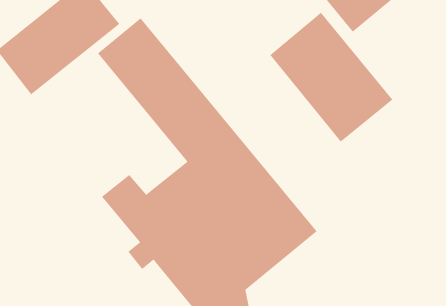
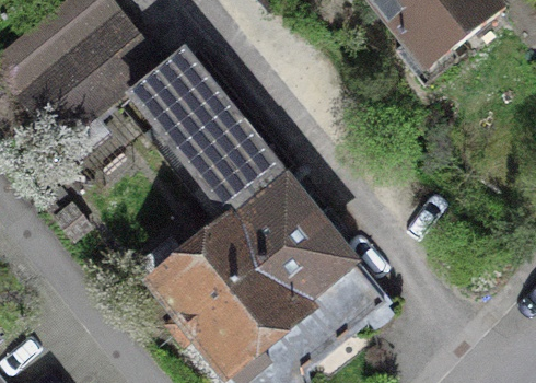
building: [270,12,393,142] -> none

